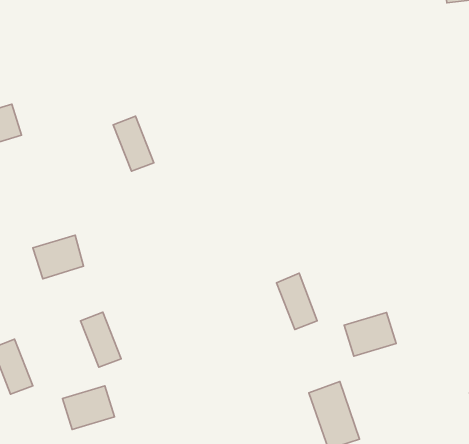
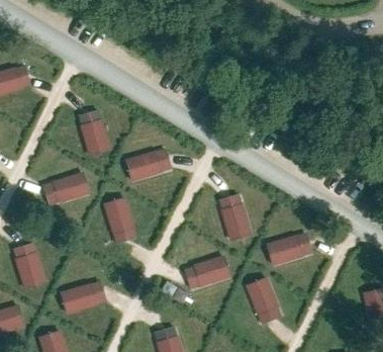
building: [113,116,154,171] -> [81,109,110,149]
building: none -> [131,146,168,177]
building: [80,312,121,367] -> [104,195,133,235]
building: none -> [183,253,220,284]

